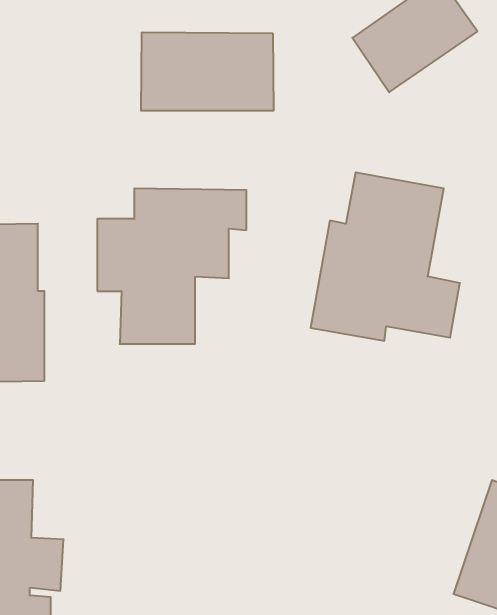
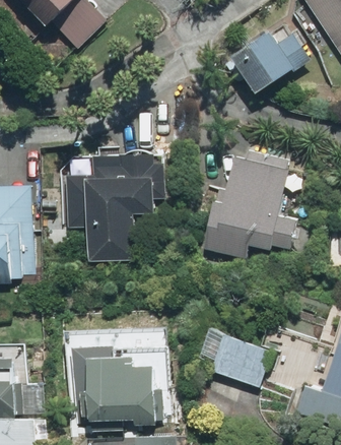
building: [141,32,274,111] -> none
building: none -> [197,330,274,389]
building: none -> [73,344,176,425]

